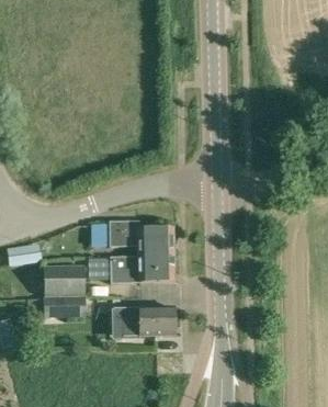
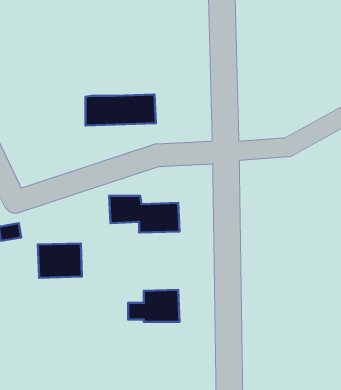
building: [110,253,174,282] -> [86,95,156,125]
building: [44,295,84,315] -> none

